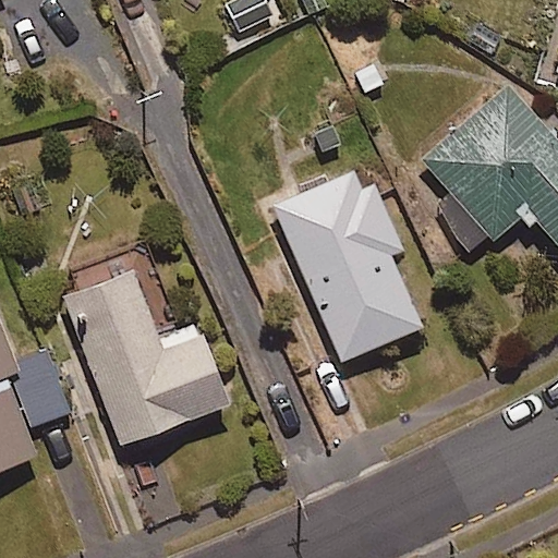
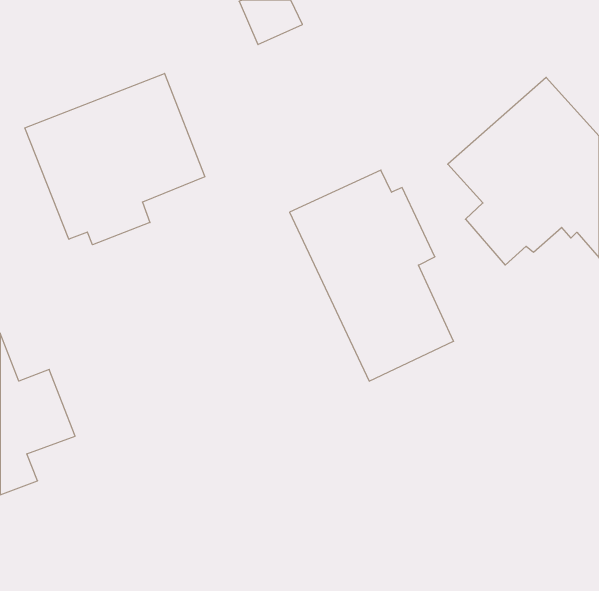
building: none -> [25,73,205,245]
building: [61,271,230,448] -> none

